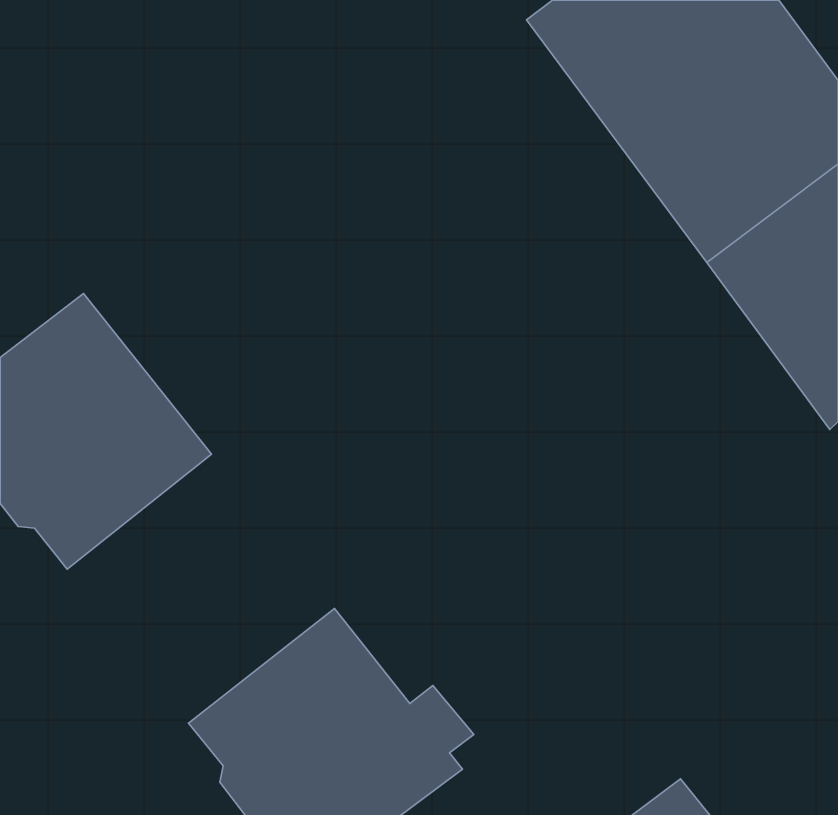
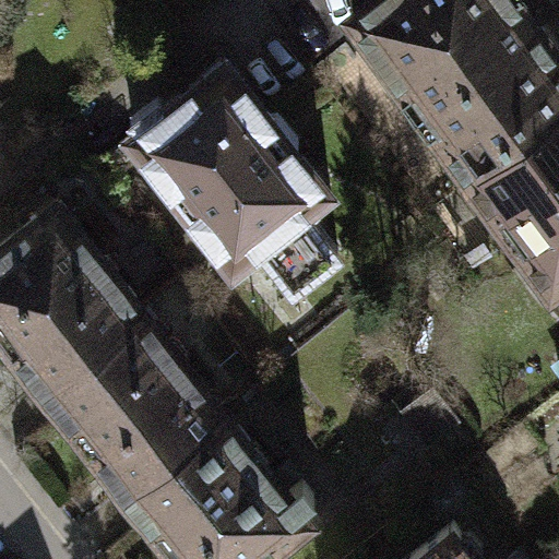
building: none -> [130,71,338,296]
building: none -> [45,318,223,497]

